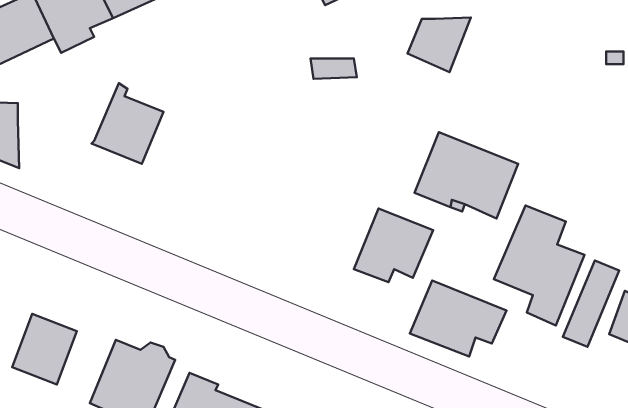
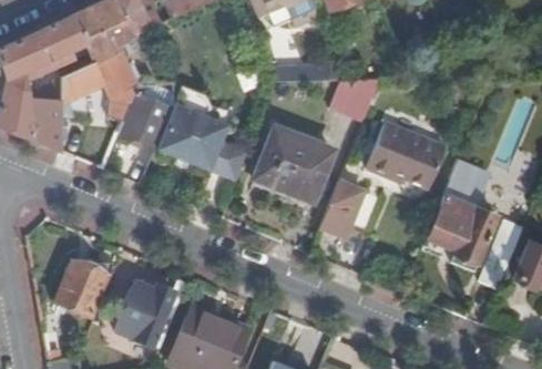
building: [408,17,471,72] -> [330,79,379,121]
building: none -> [61,45,145,129]
building: none -> [156,88,247,180]
building: none -> [256,127,333,202]
building: [410,281,506,357] -> none

